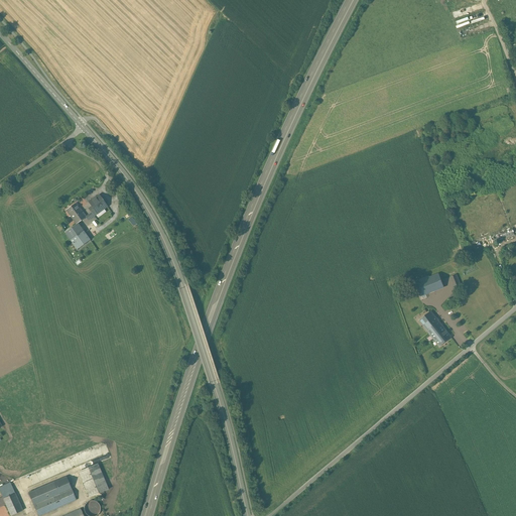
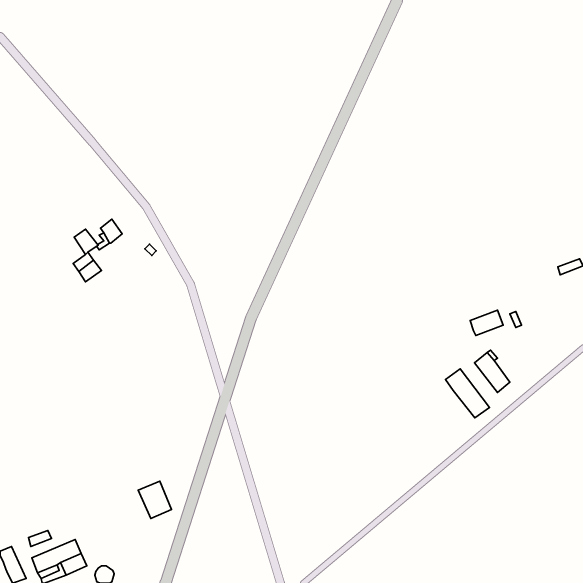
building: none -> [445,369,490,418]
building: [79,464,108,497] -> [138,481,171,519]

